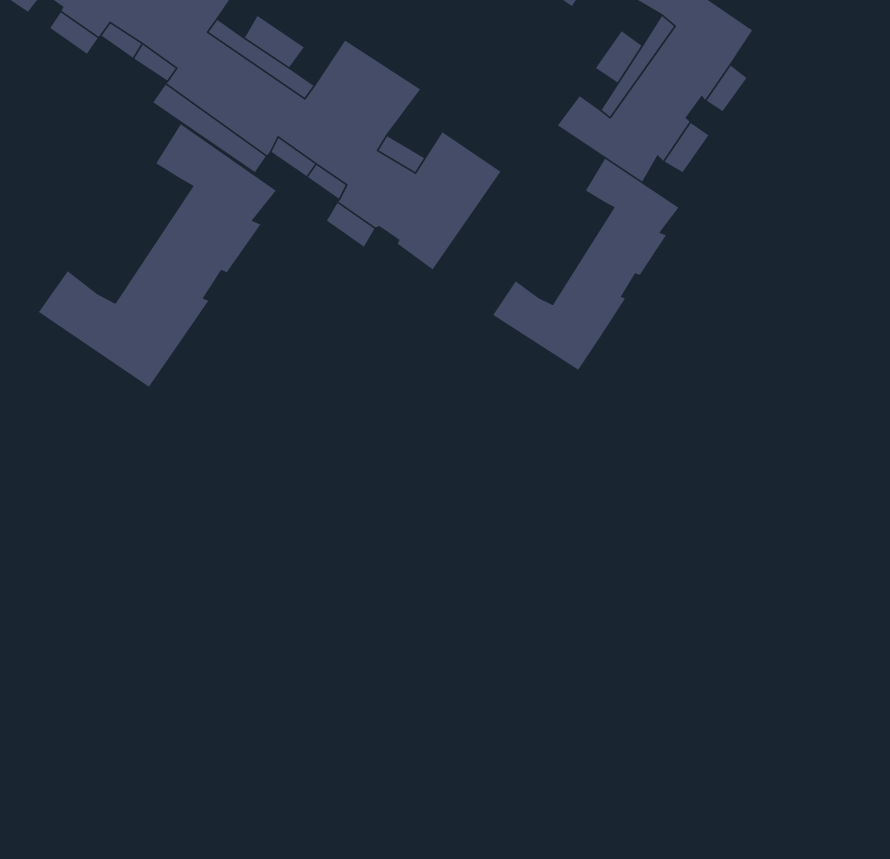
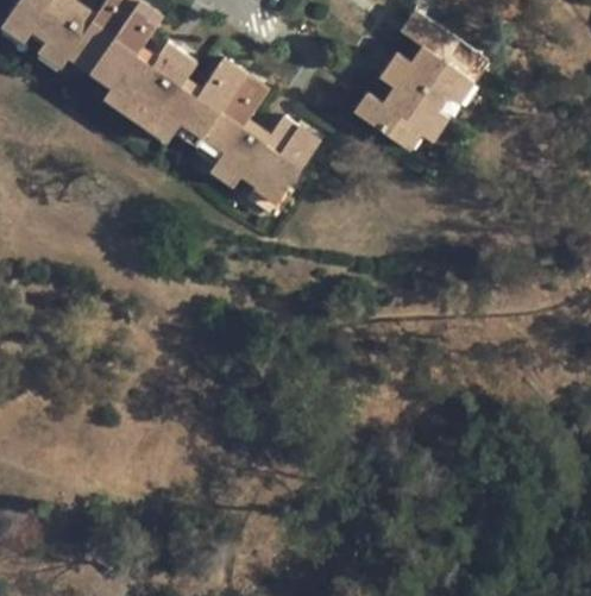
building: [38,123,277,388] -> none
building: [492,158,680,371] -> none

